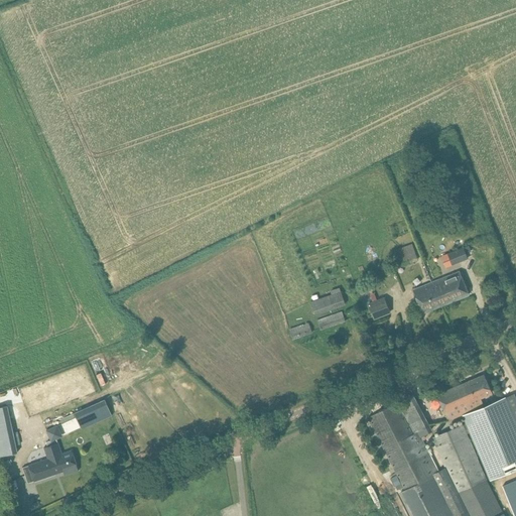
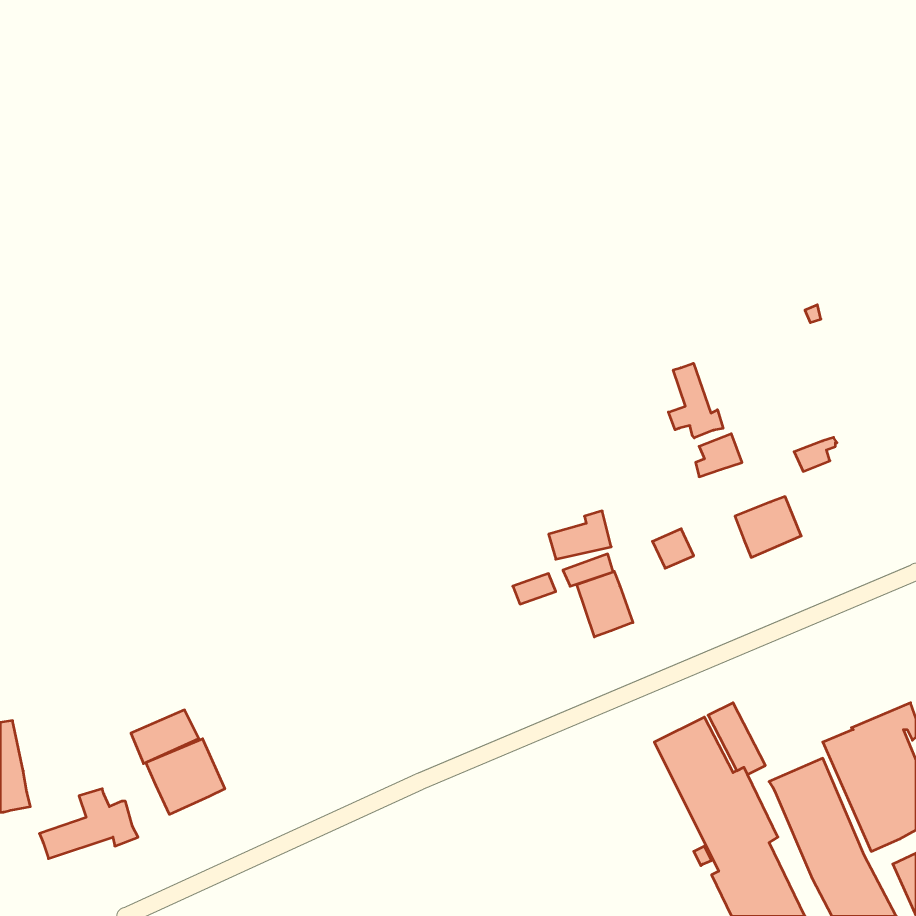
building: none -> [668,363,723,438]
building: [441,271,469,301] -> none
building: none -> [577,571,633,637]
building: [437,375,492,420] -> none
building: none -> [146,739,225,814]

